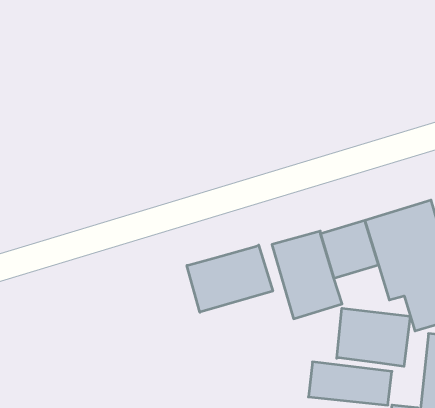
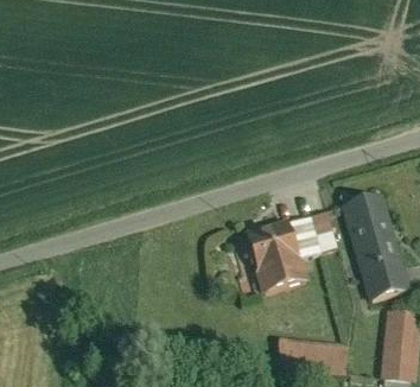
building: [187,245,273,312] -> none
building: [337,308,410,366] -> none

